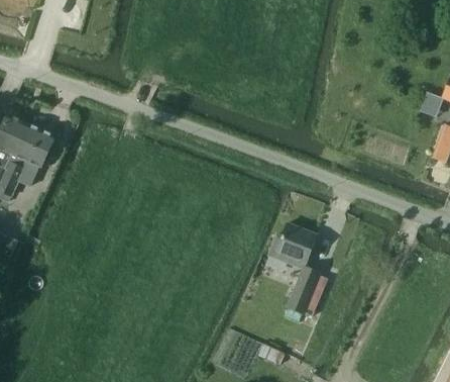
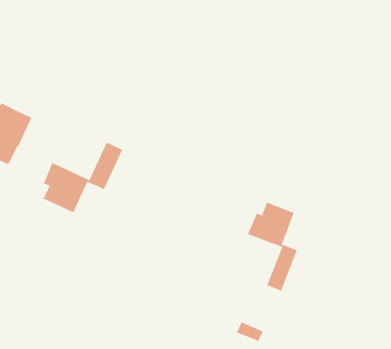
building: none -> [43,142,123,213]

